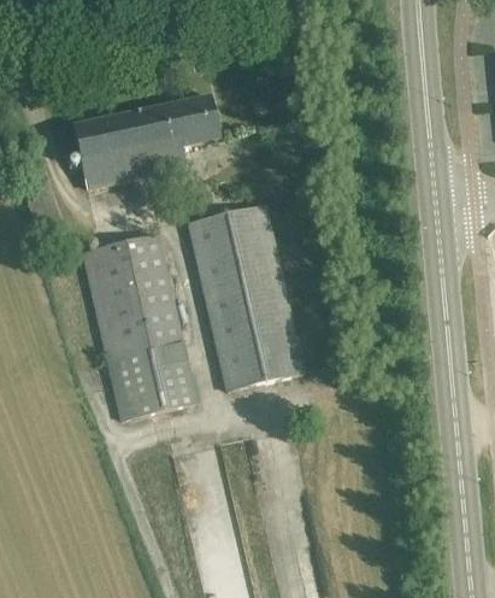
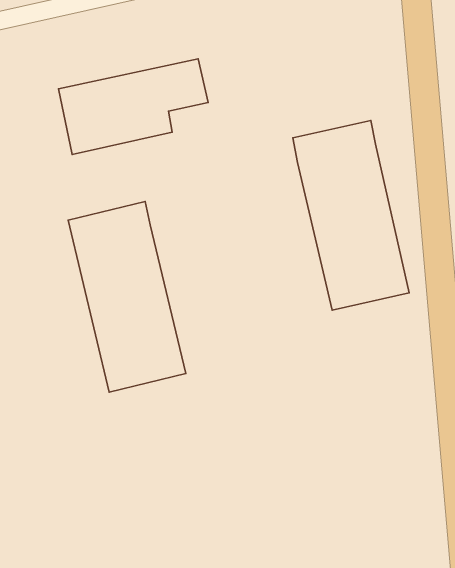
building: [189,204,302,388] -> [293,121,409,310]

